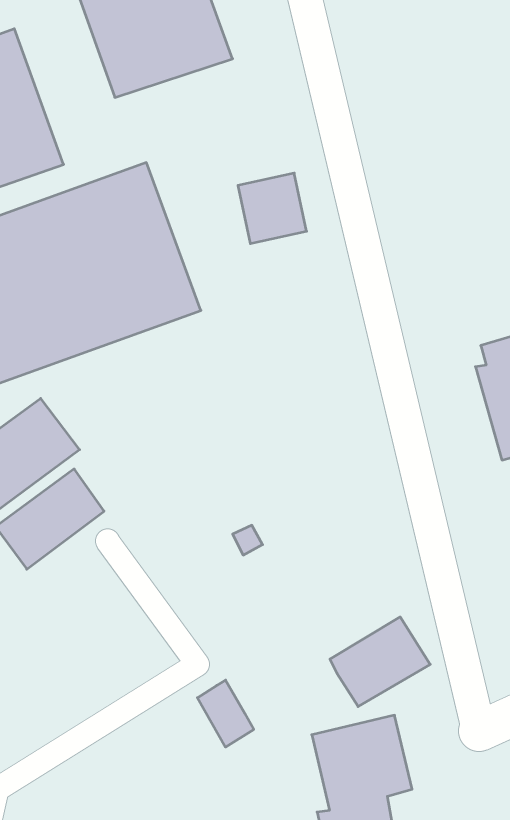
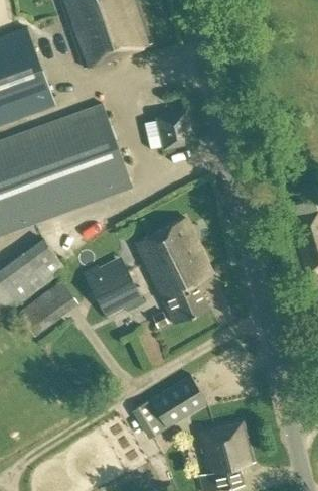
building: none -> [134,219,211,325]
building: none -> [83,256,144,317]
building: [330,617,430,707] -> [150,376,207,427]

